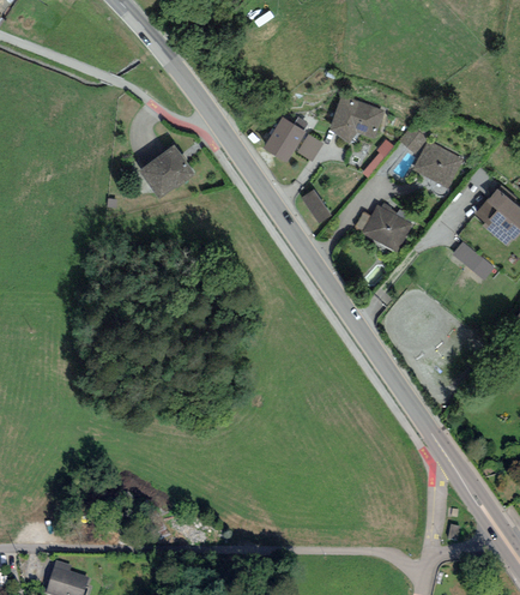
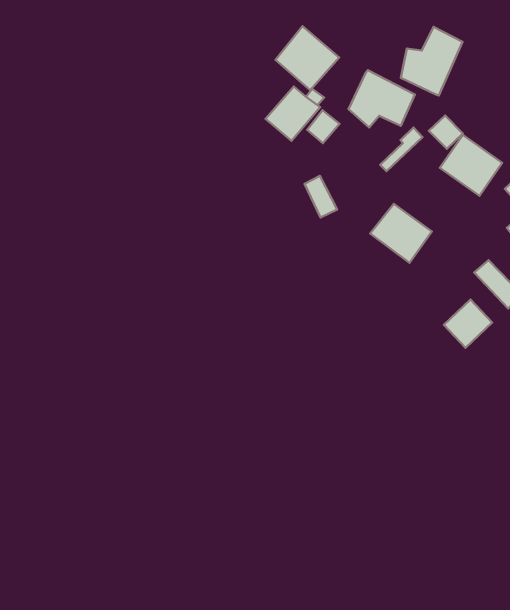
building: none -> [401,27,463,95]
building: none -> [275,26,339,90]
building: [139,144,195,198] -> none
building: none -> [444,299,492,348]

